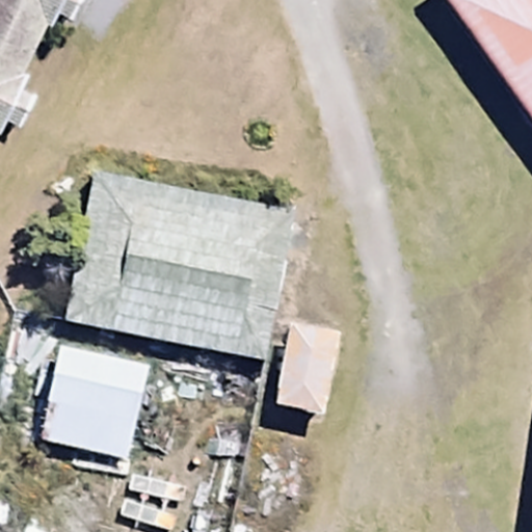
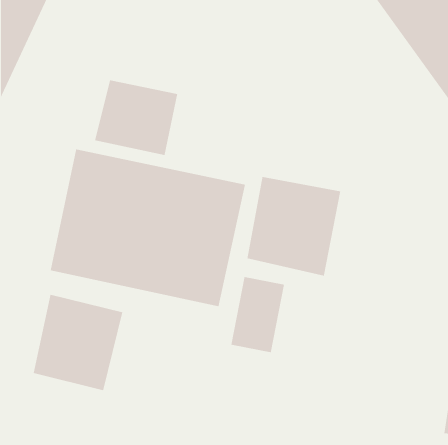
building: none -> [95,80,178,156]
building: none -> [247,176,341,277]

